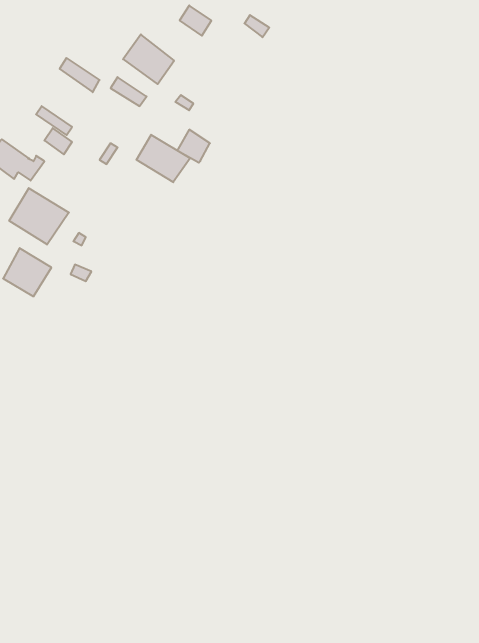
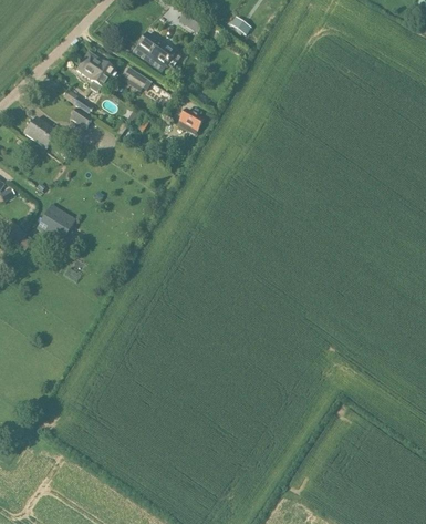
building: none -> [75,59,108,91]
building: [136,135,190,182] -> none
building: [9,188,69,245] -> none

